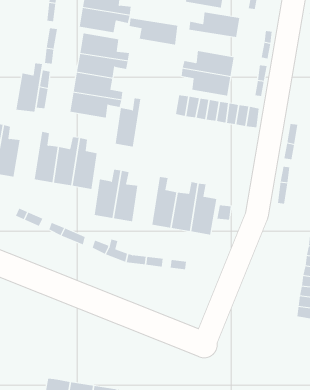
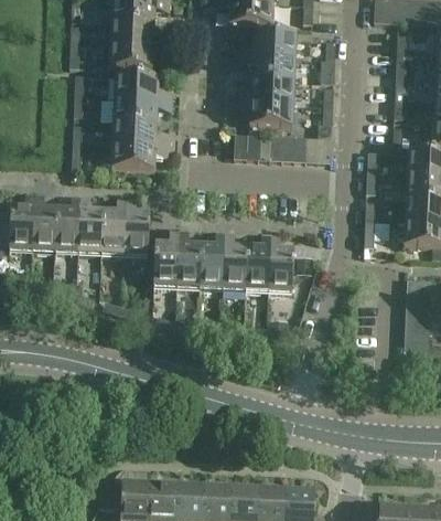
building: [129,18,178,45] -> [237,55,294,81]
building: [15,63,43,112] -> [55,194,80,252]
building: [115,98,141,147] -> [200,231,224,288]

